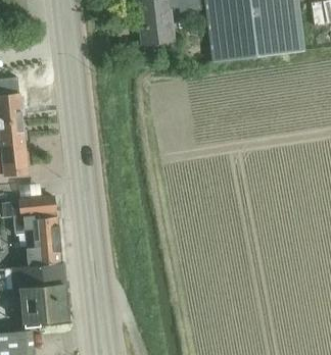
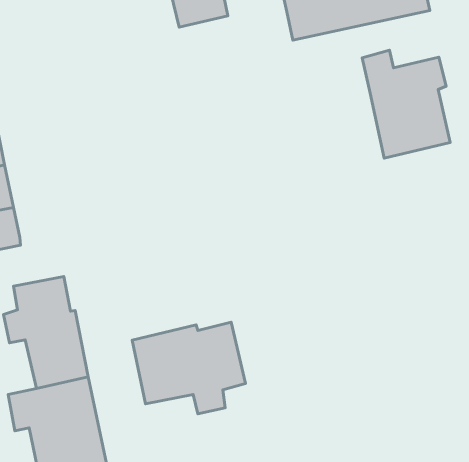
building: none -> [362,50,450,158]
building: none -> [132,322,246,414]

